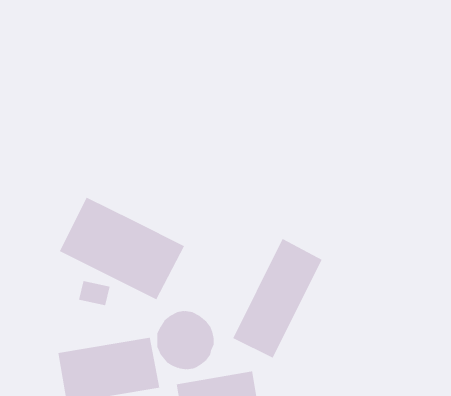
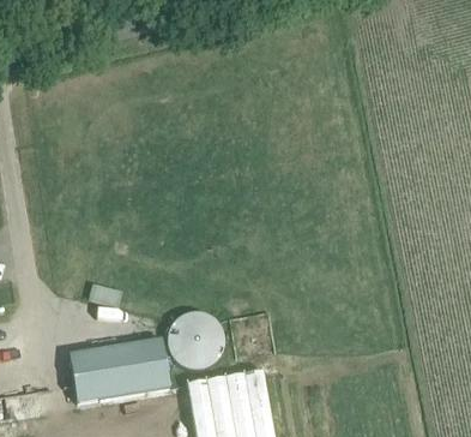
building: [59,197,185,300] -> none
building: [232,238,322,359] -> none

